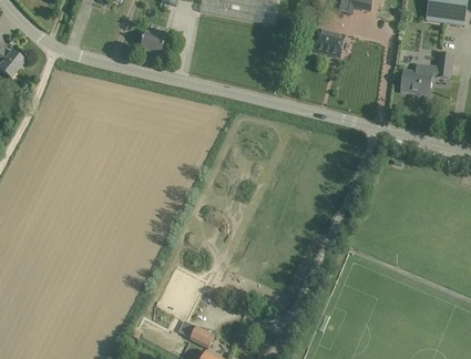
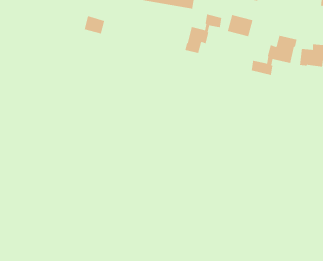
building: none -> [185,14,222,54]
building: none -> [251,35,297,76]

